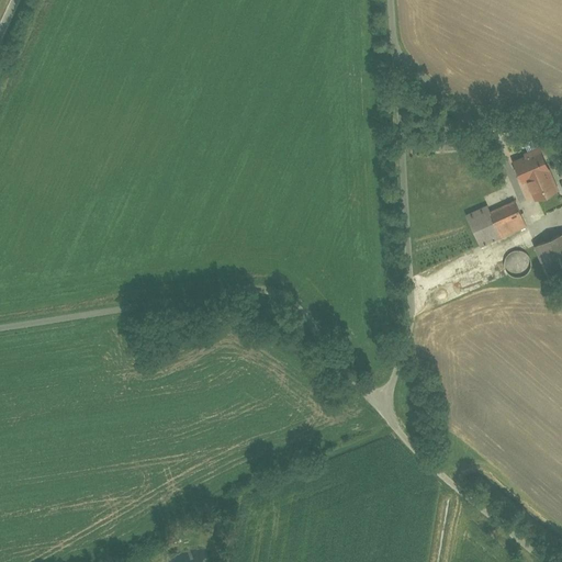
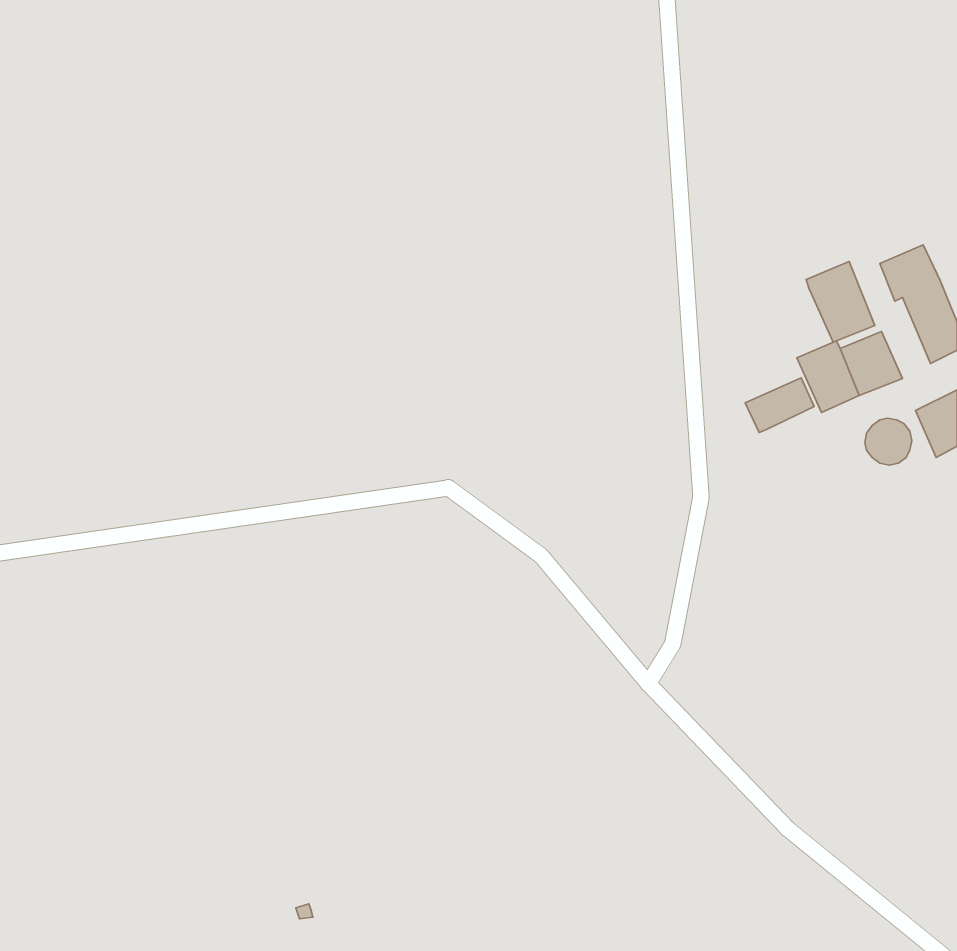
building: none -> [806,261,875,342]
building: none -> [745,378,814,432]

